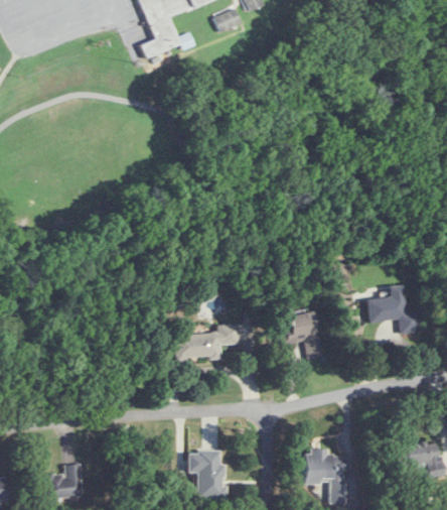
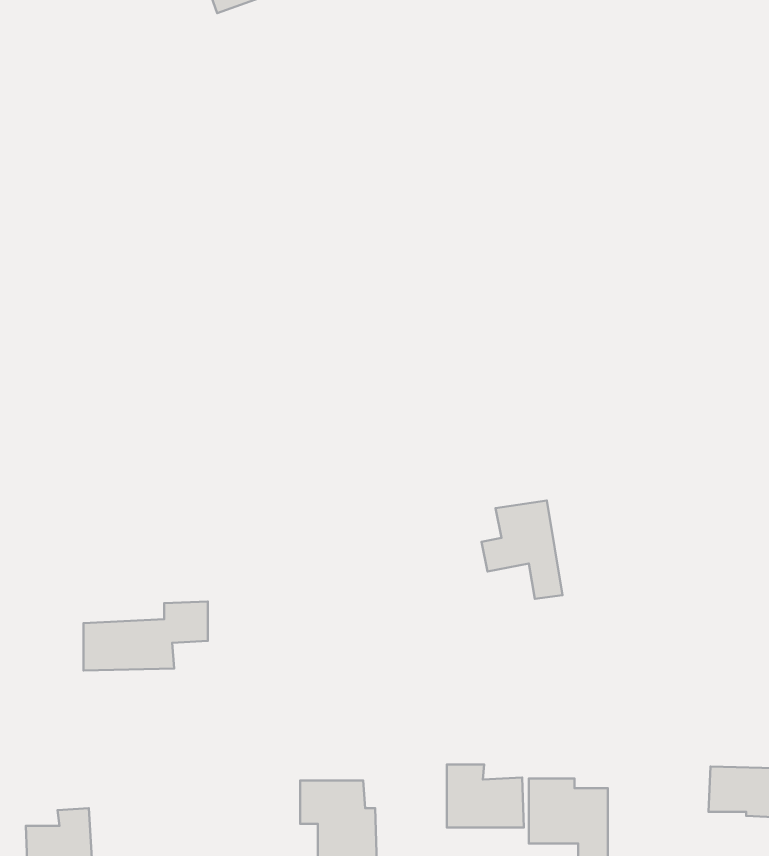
building: [368,284,420,333] -> none
building: [176,324,240,359] -> [83,601,208,670]
building: none -> [447,764,524,828]

